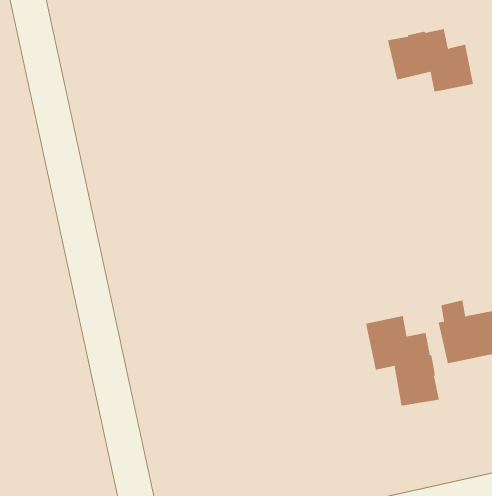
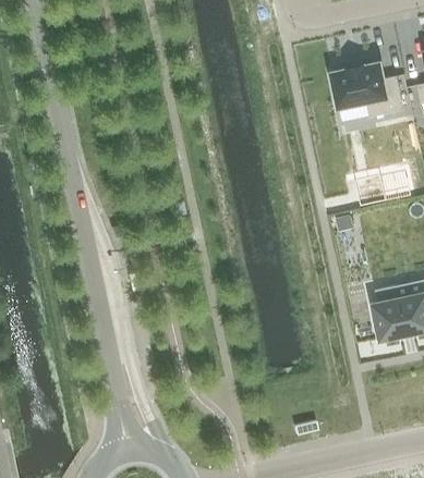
building: [366,315,439,406] -> none

